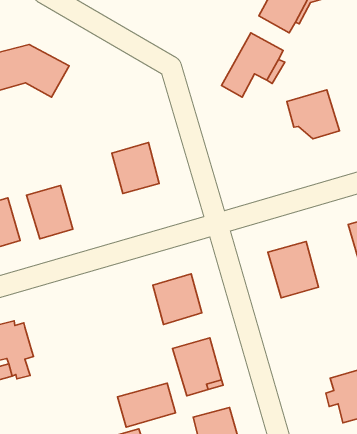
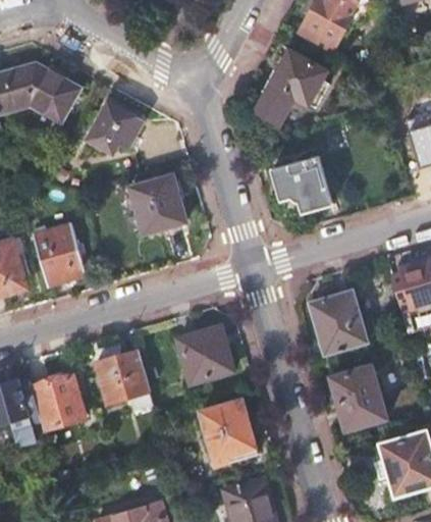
building: none -> [87,102,142,154]
building: [287,90,339,139] -> [270,157,330,213]
building: none -> [95,350,149,403]
building: none -> [329,366,385,429]
building: none -> [30,374,85,430]
building: [117,383,175,427] -> none

